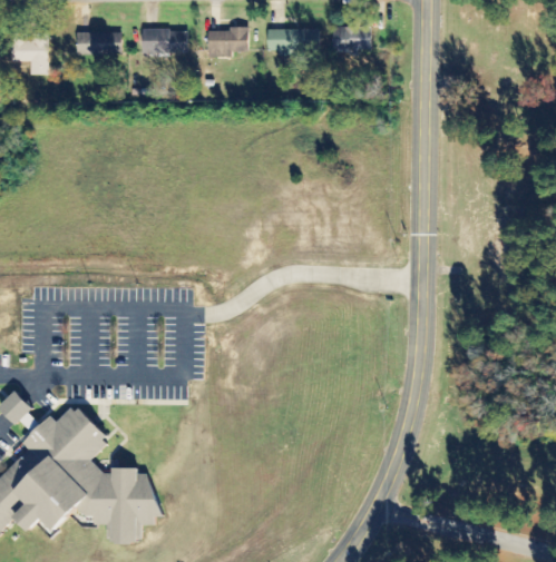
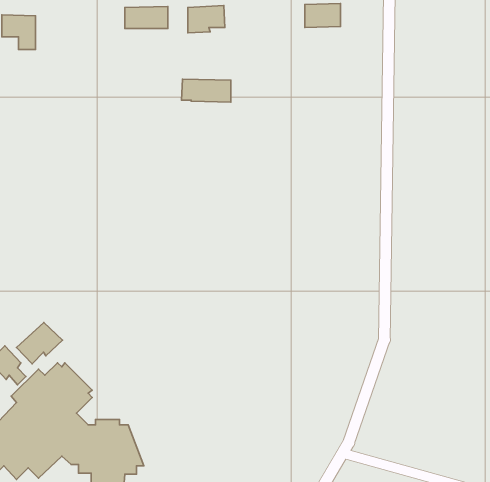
building: [266,29,319,53] -> [182,79,231,102]
building: [76,32,119,56] -> none
building: none -> [17,322,62,364]

